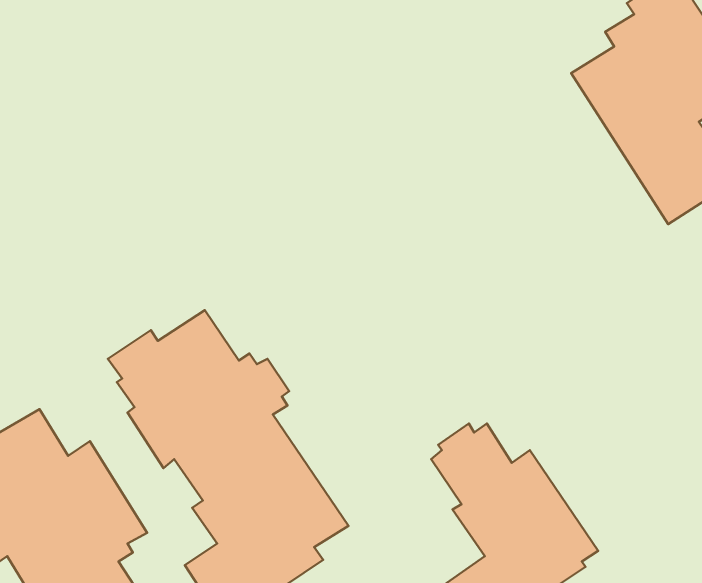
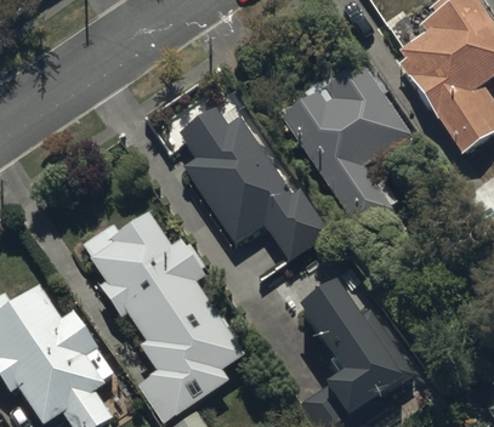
building: none -> [280,63,411,233]
building: none -> [180,109,328,260]

